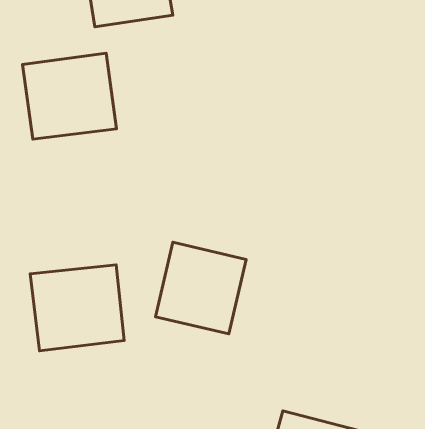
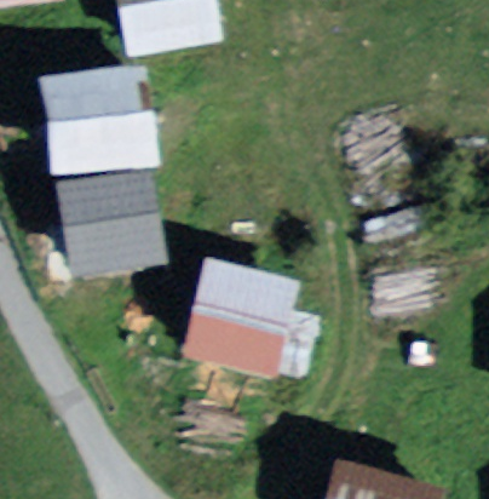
building: [30,265,124,351] -> [69,185,168,276]

